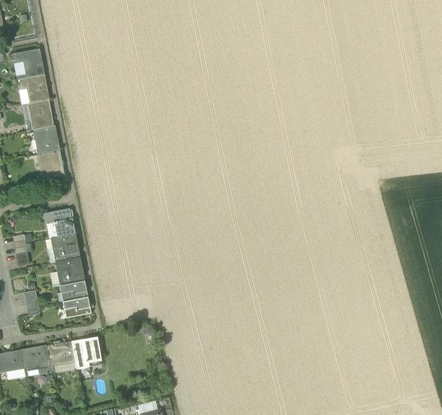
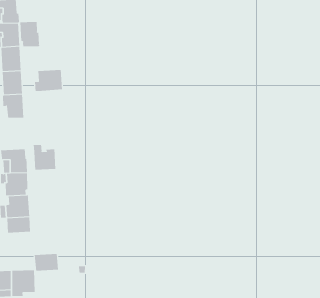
building: none -> [20,21,40,47]
building: none -> [34,69,62,92]
building: none -> [33,144,56,170]
building: [62,296,91,318] -> [34,254,59,271]

